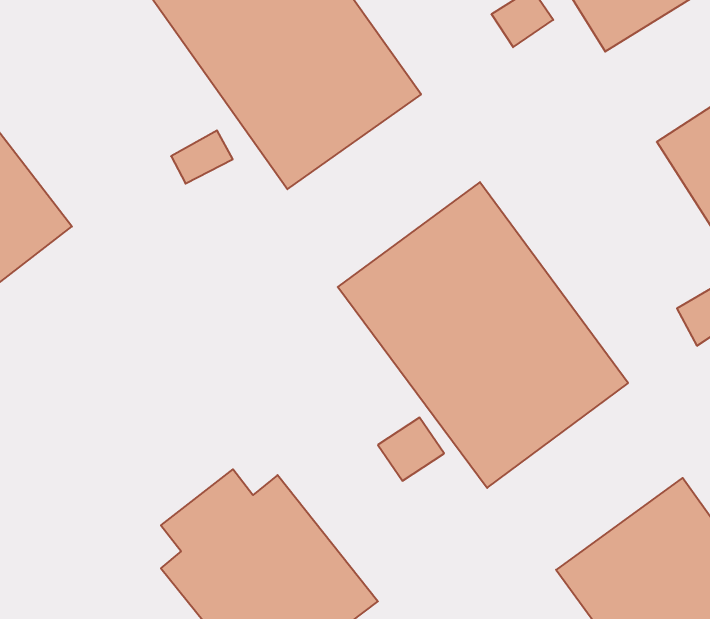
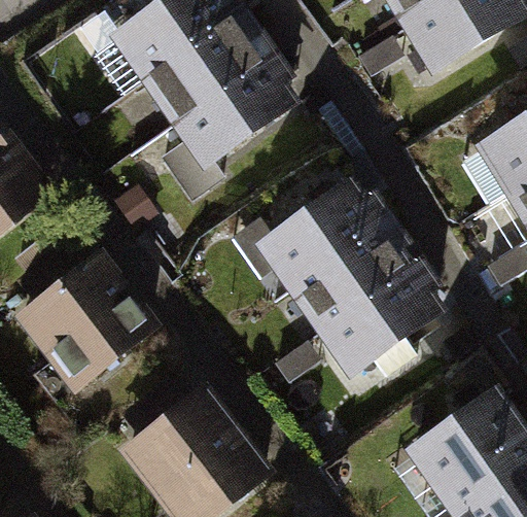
building: none -> [12,247,161,394]

